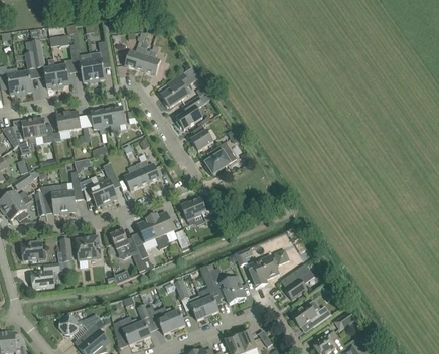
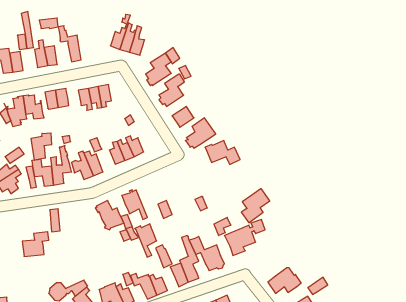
building: [90,40,110,79] -> none
building: none -> [31,133,52,160]
building: [180,197,217,222] -> [205,141,240,164]
building: [151,211,174,246] -> [135,224,157,257]
building: [76,235,101,259] -> none
building: [21,240,46,260] -> none
building: [284,263,314,300] -> [241,189,270,223]

